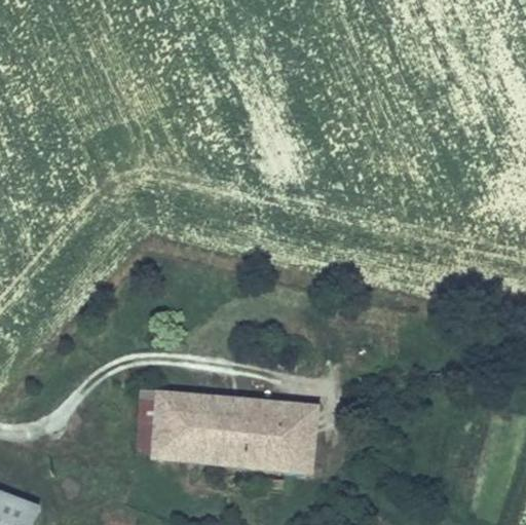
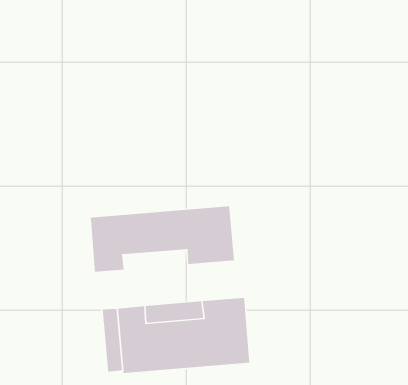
building: none -> [89,205,235,272]
building: [288,402,320,475] -> none

